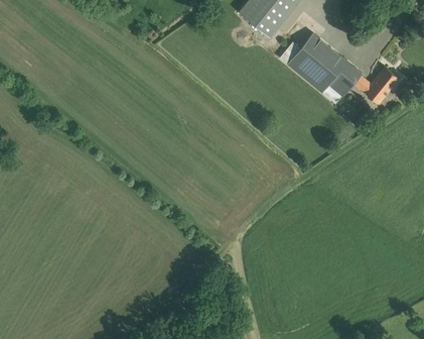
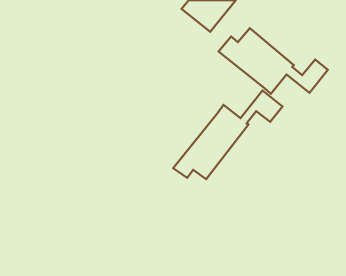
building: none -> [173,91,282,179]

